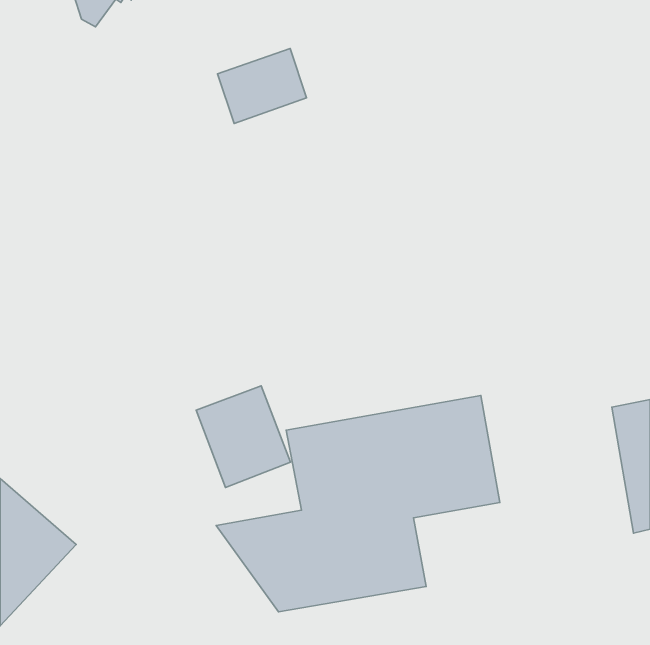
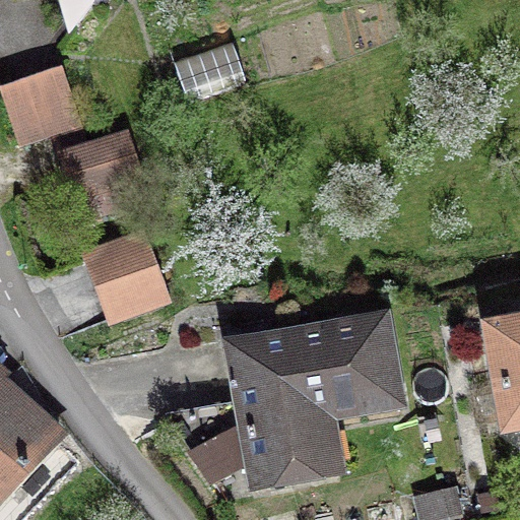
building: none -> [5,71,116,194]
building: [196,386,290,488] -> [88,235,164,316]

